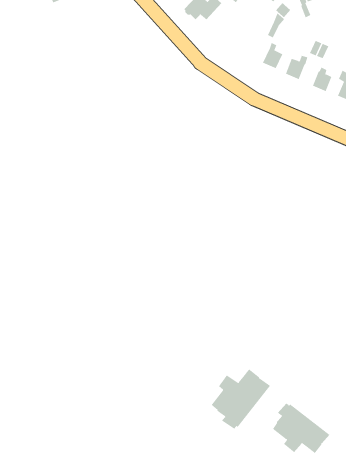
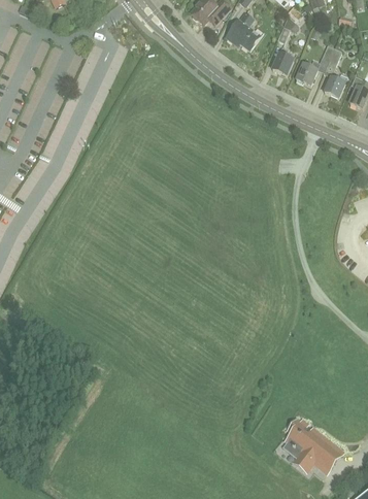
building: none -> [226,11,260,49]
building: [211,369,271,430] -> none

